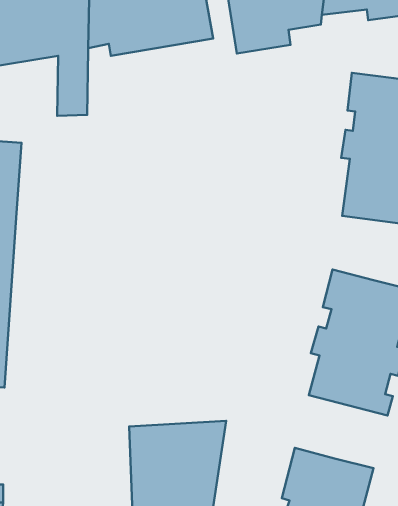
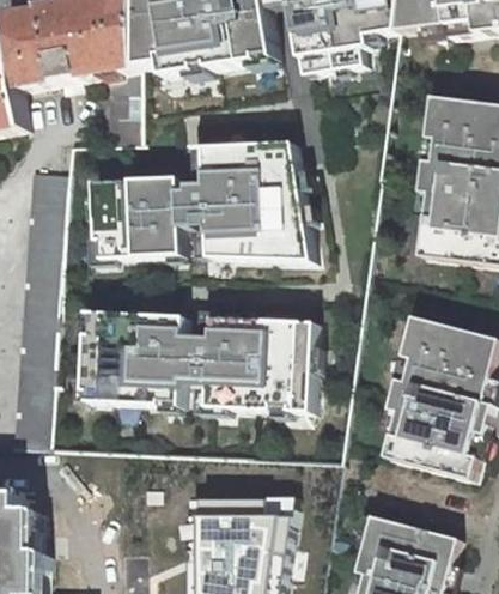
building: none -> [92,141,314,260]
building: none -> [84,311,317,411]

